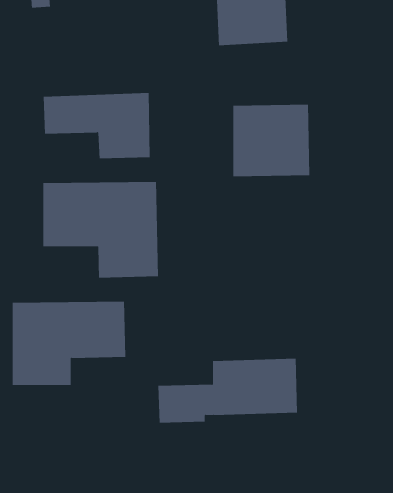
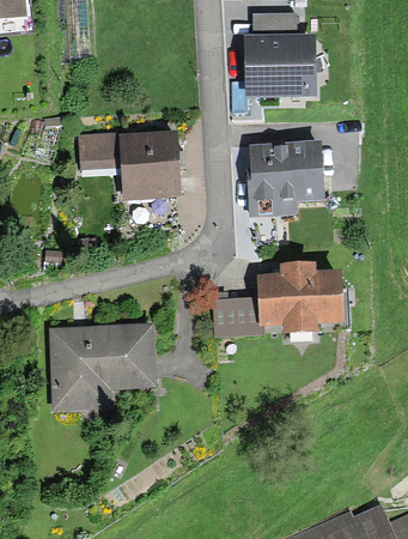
building: [43,181,158,278] -> none
building: [158,358,298,423] -> [215,271,345,331]

